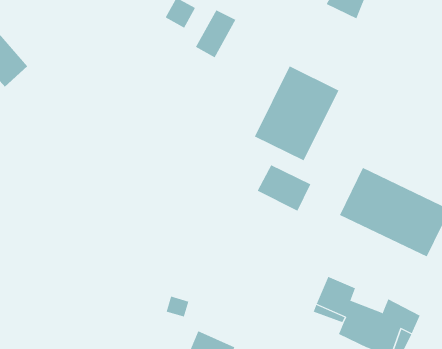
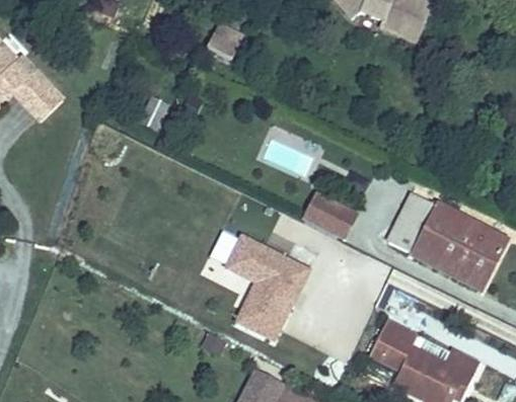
building: [195,9,236,58] -> none
building: [254,66,339,161] -> none
building: none -> [224,235,315,346]

